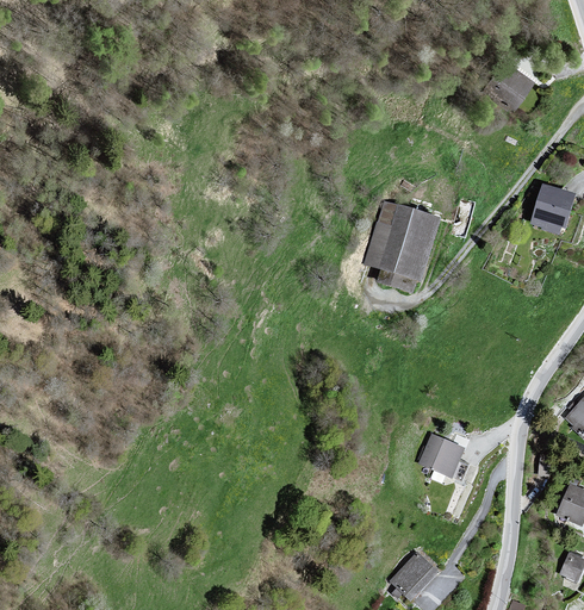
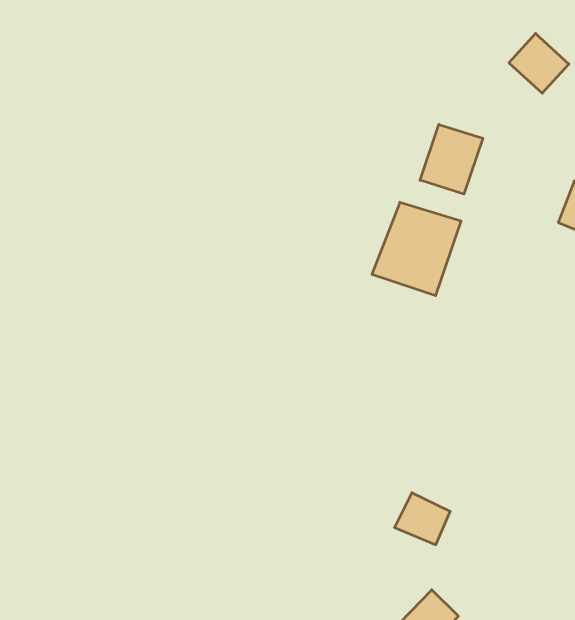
building: none -> [420,124,483,194]
building: [416,432,466,479] -> [394,493,450,545]

